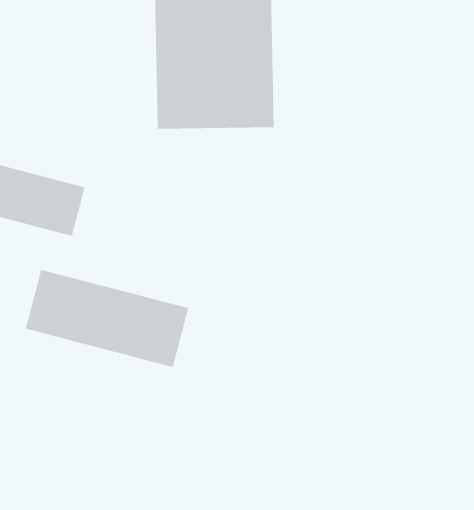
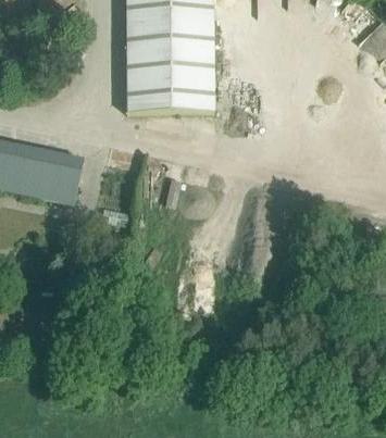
building: [25,269,189,368] -> none

